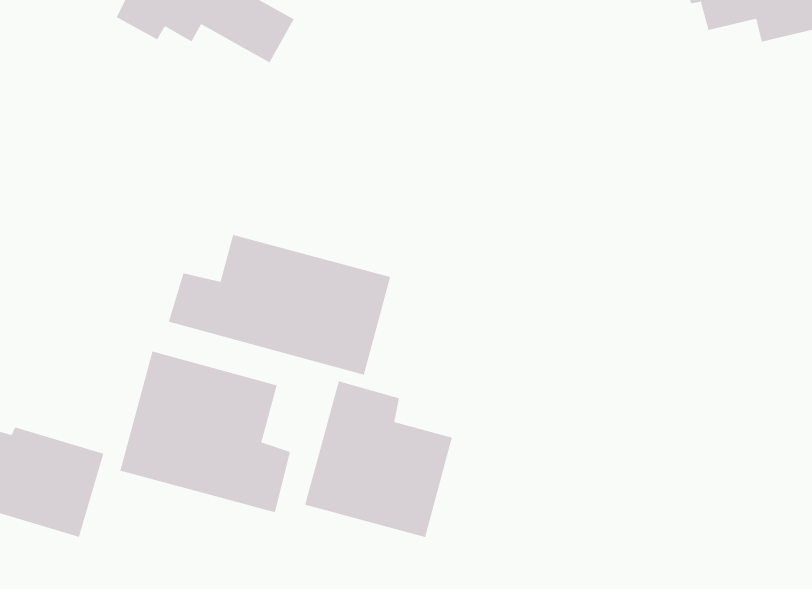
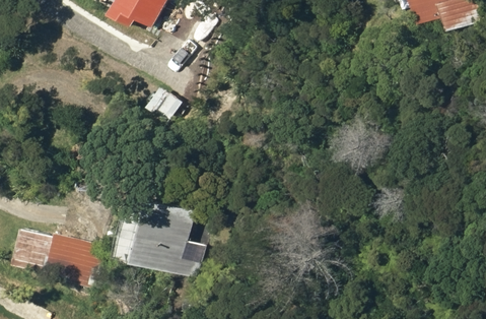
building: [168,234,391,375] -> none
building: [305,380,452,538] -> none

